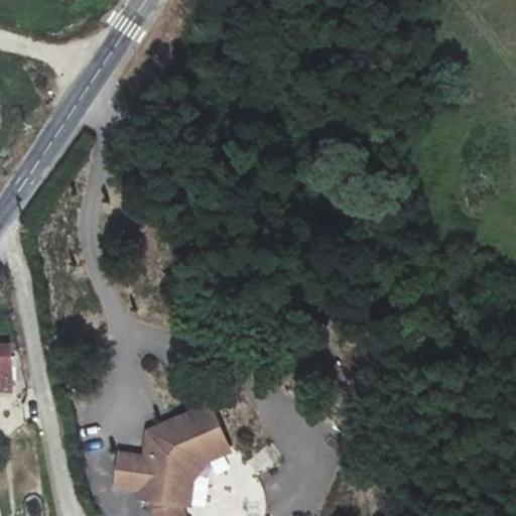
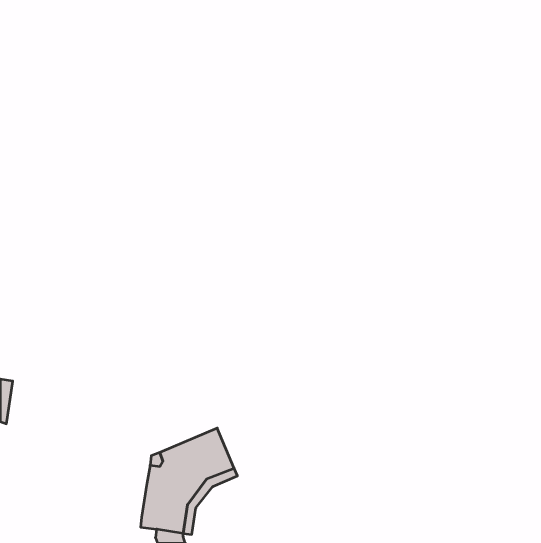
building: [113,454,142,490] -> none

